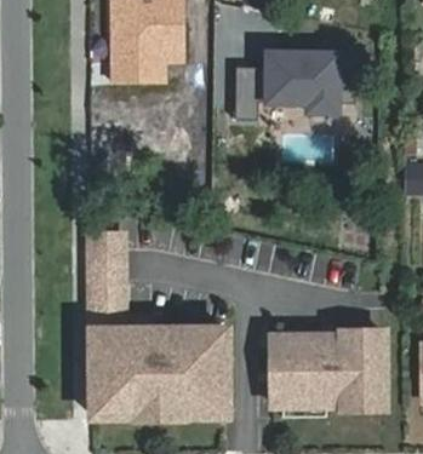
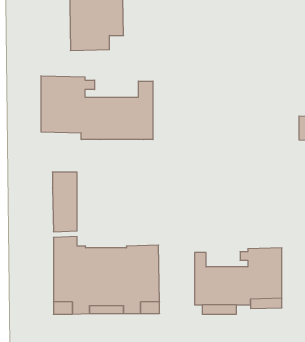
building: [234,51,354,117] -> none
building: none -> [41,76,153,140]

